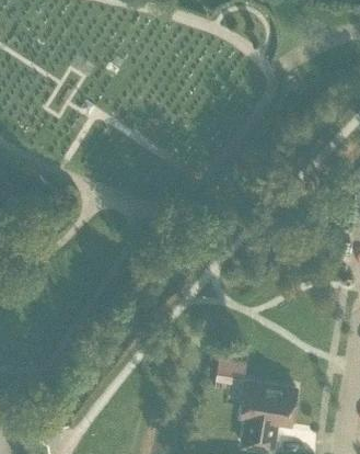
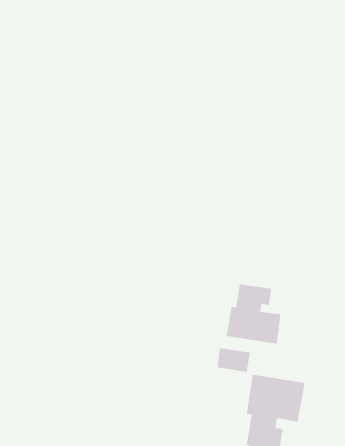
building: none -> [226,284,281,344]

